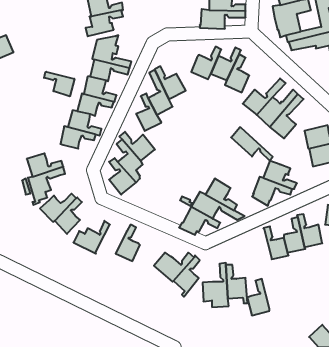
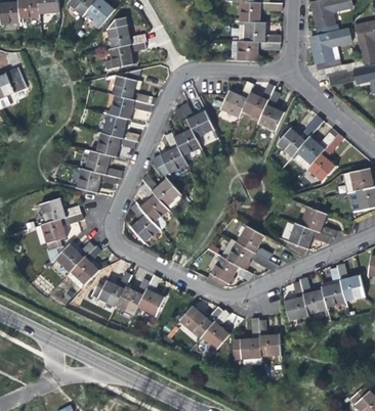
building: [44,72,74,96] -> none
building: [231,127,273,161] -> none
building: none -> [116,278,150,314]
building: [247,279,269,315] -> [284,280,308,320]

